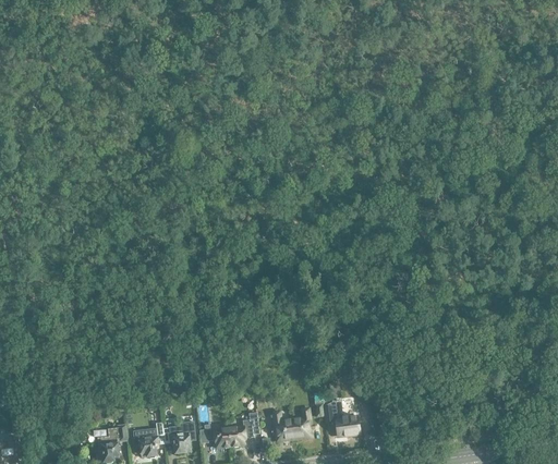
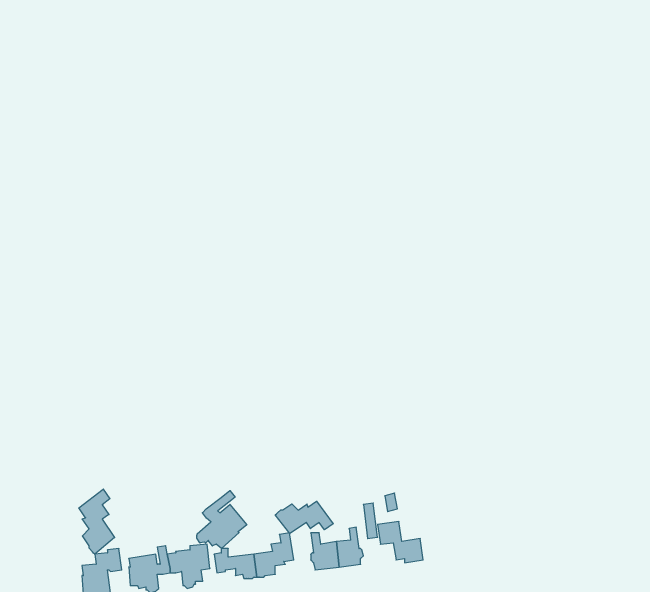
building: none -> [79,489,115,554]
building: none -> [197,491,247,549]
building: none -> [275,501,333,533]

